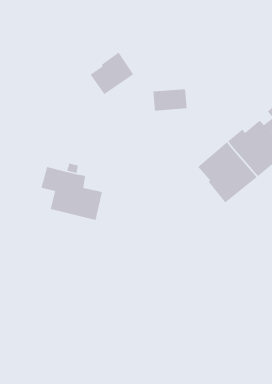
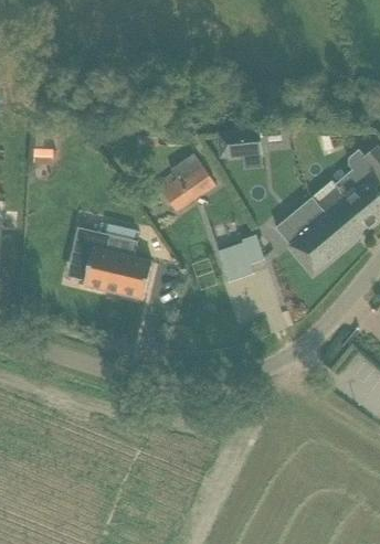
building: [90,52,134,95] -> [157,153,214,210]
building: none -> [219,238,253,281]

